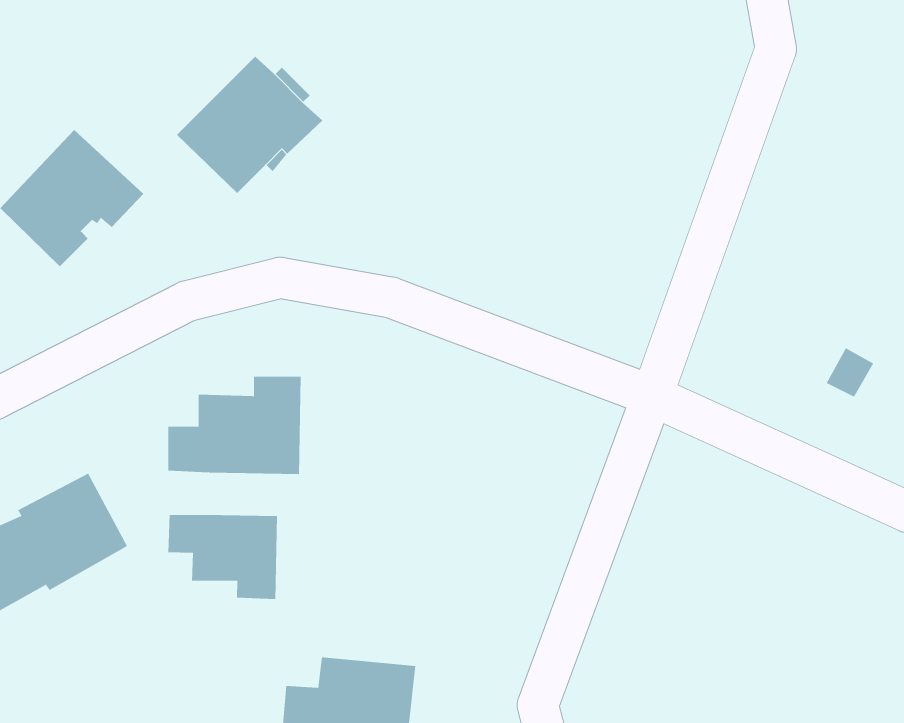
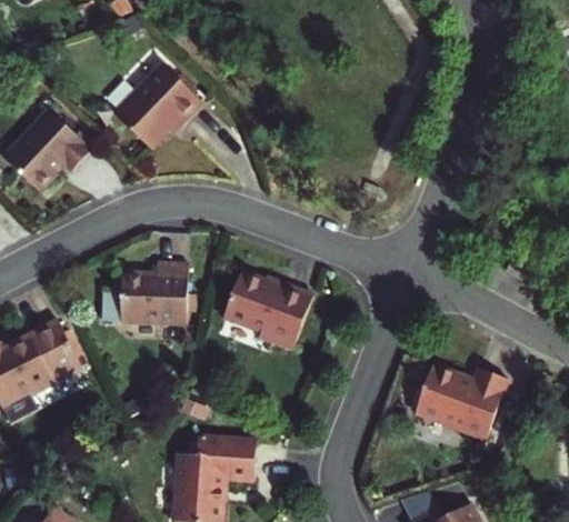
building: none -> [224,271,312,348]
building: [168,514,277,600] -> none
building: none -> [415,363,508,439]

